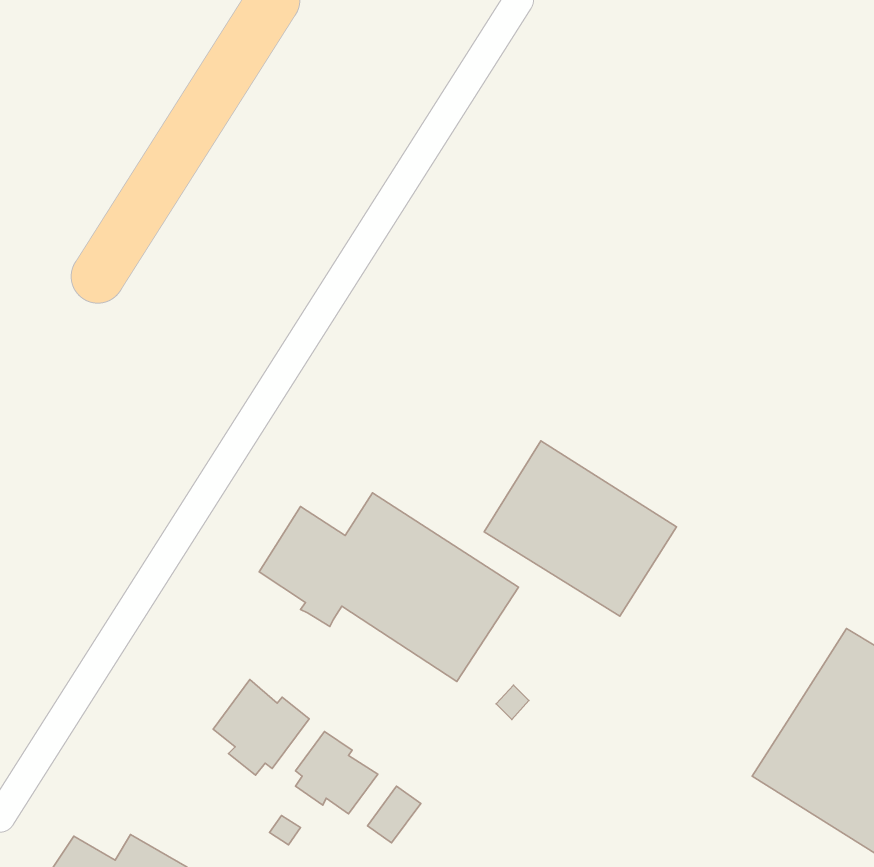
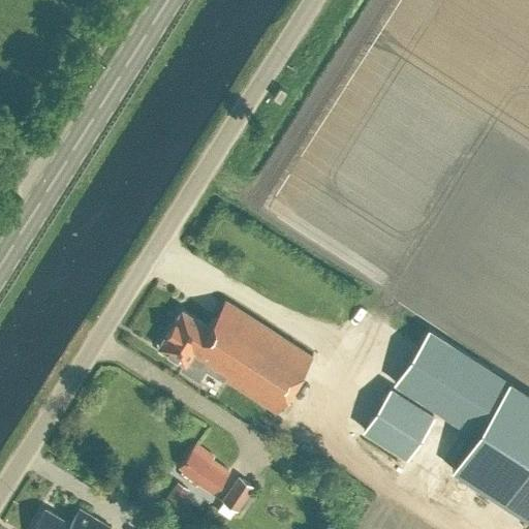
building: [484,441,676,616] -> [396,333,511,438]
building: none -> [365,391,436,461]
building: [213,680,309,775] -> none

